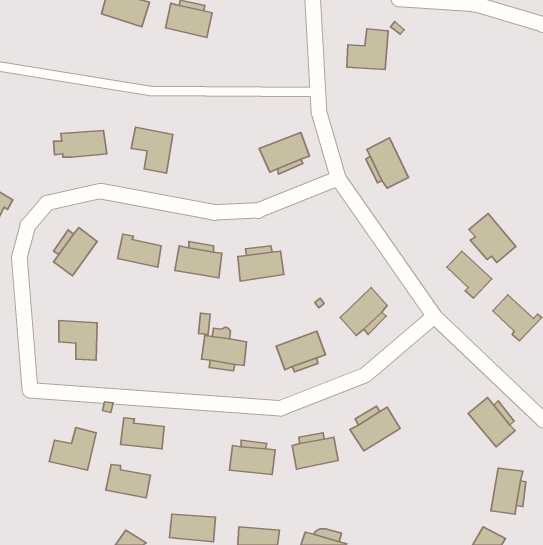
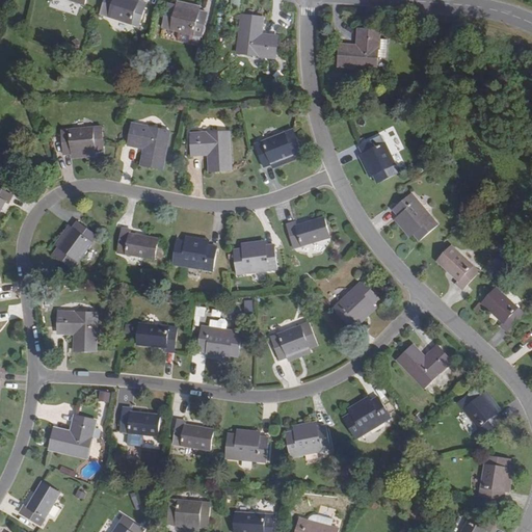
building: none -> [237,15,276,57]
building: none -> [190,132,230,170]
building: [469,213,516,263] -> [391,192,436,240]
building: none -> [285,216,329,248]
building: none -> [134,322,177,352]
building: none -> [397,345,450,388]
building: [106,465,150,498] -> [170,419,214,451]
building: none -> [18,481,59,526]

